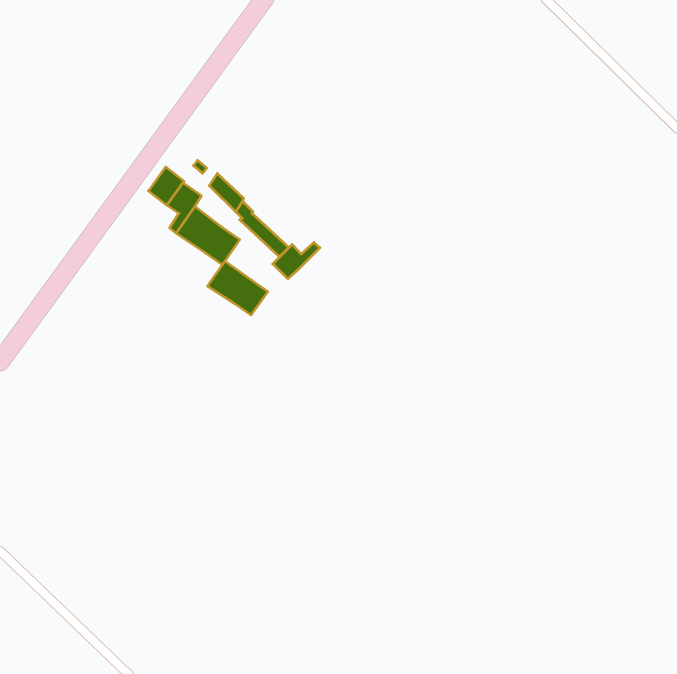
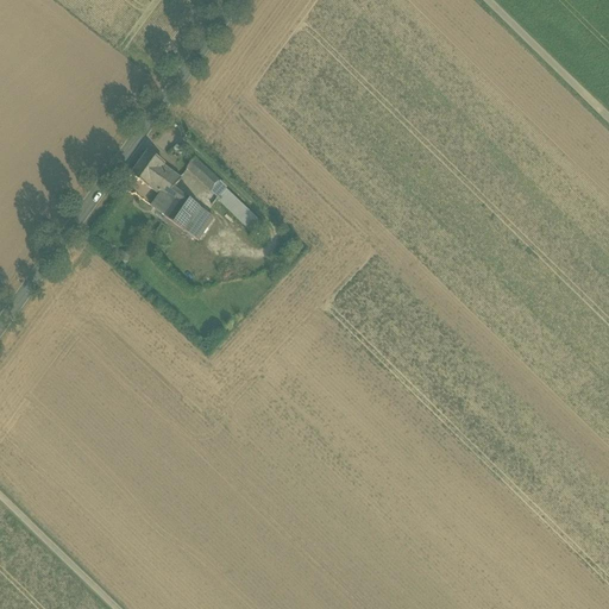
building: [273,242,320,279] -> none
building: [208,261,268,315] -> none

